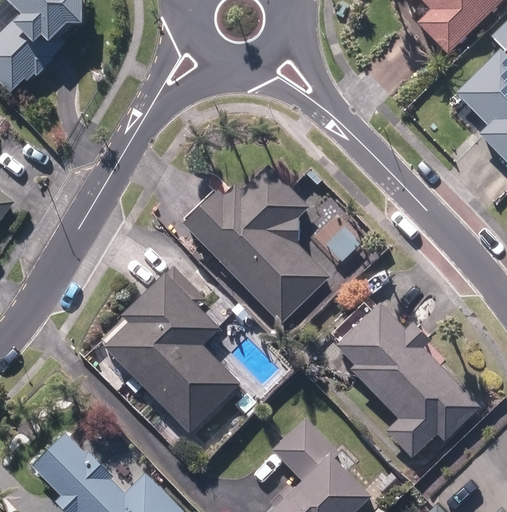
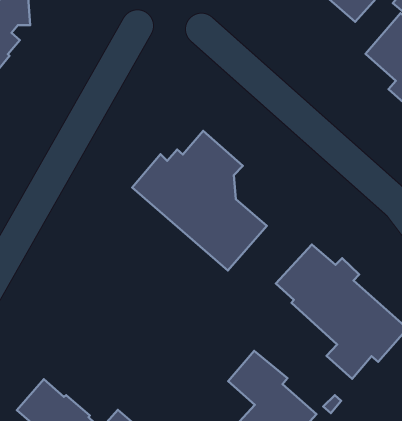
building: [103,267,240,433] -> none

